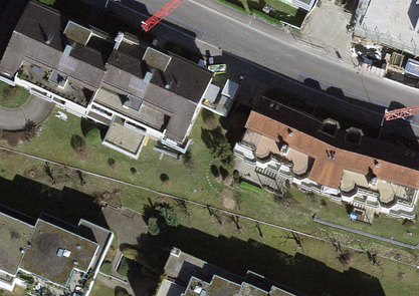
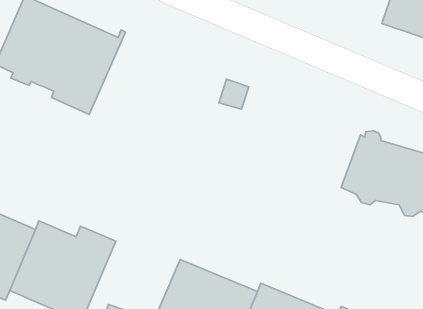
building: [87,36,211,154] -> none
building: [239,98,342,182] -> none

